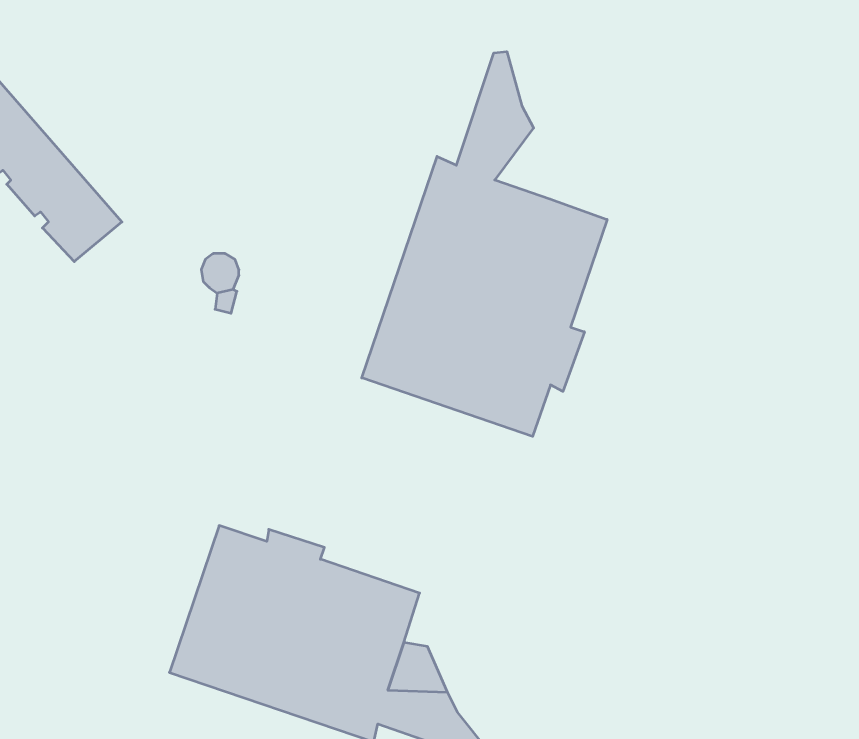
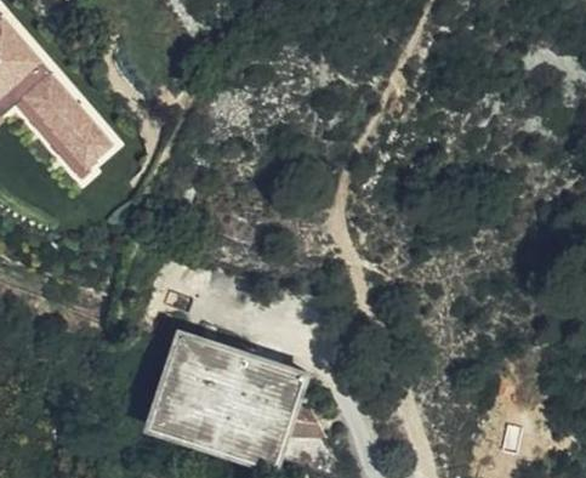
building: [362,52,607,436] -> none

